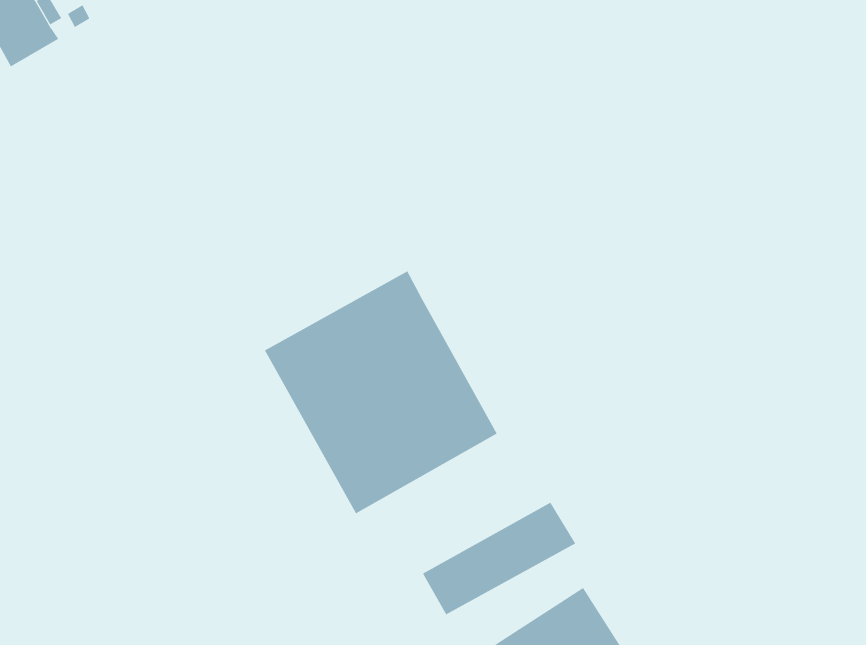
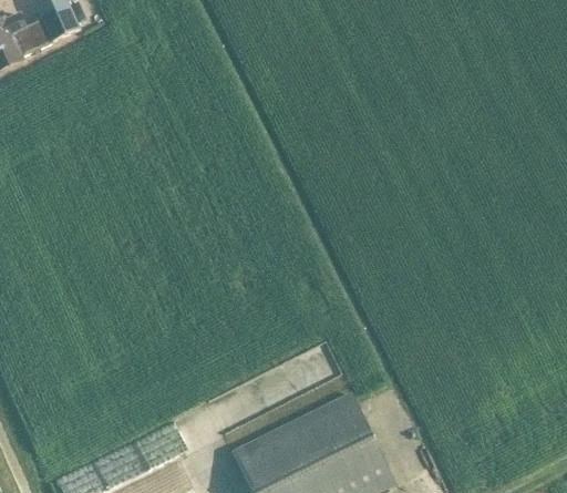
building: [264,271,498,514] -> none

